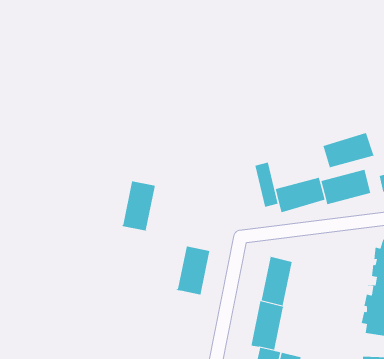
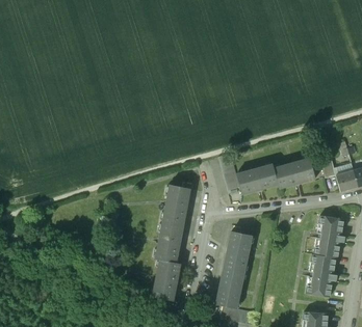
building: [322,132,374,168] -> none
building: [121,181,155,231] -> [162,185,190,226]
building: none -> [153,260,181,300]

